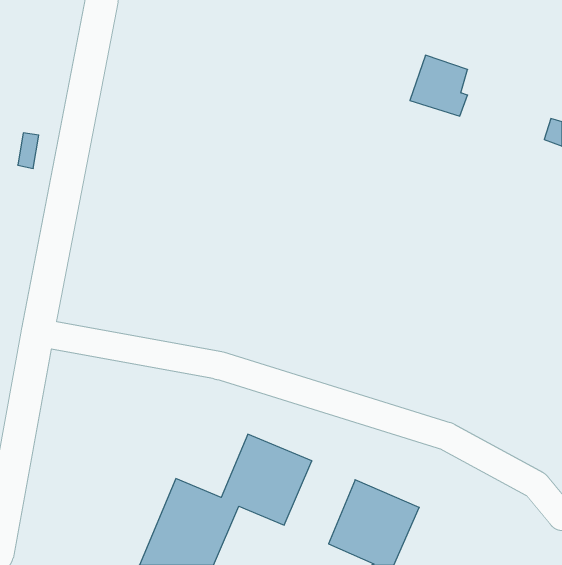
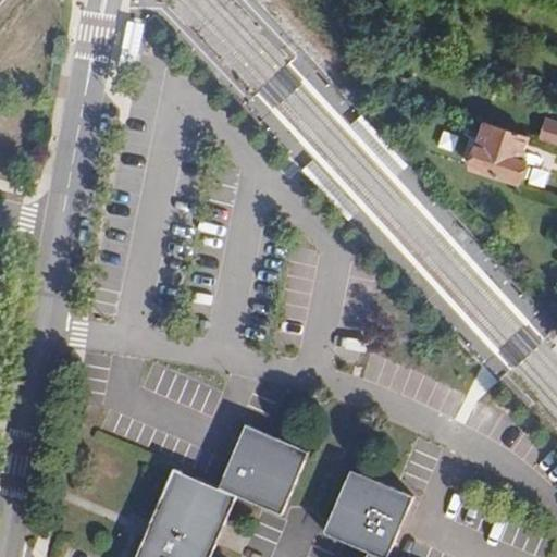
building: [410,55,468,116] -> [467,121,523,181]

